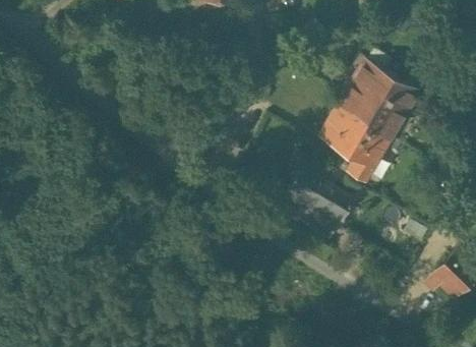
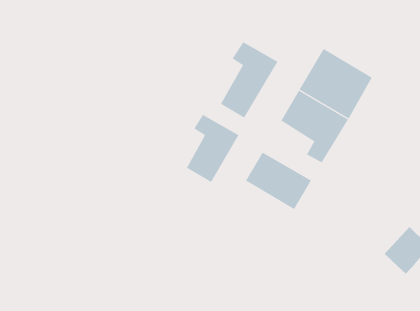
building: none -> [220,42,278,118]
building: none -> [186,114,239,183]

